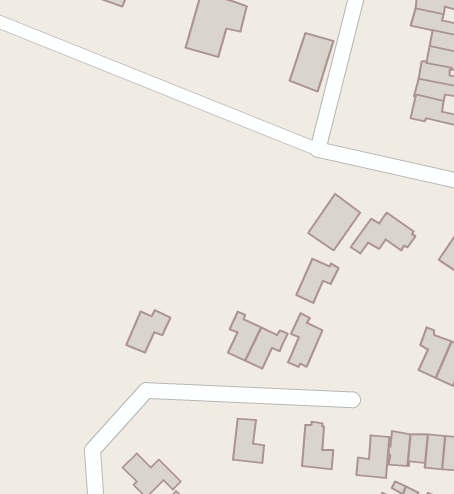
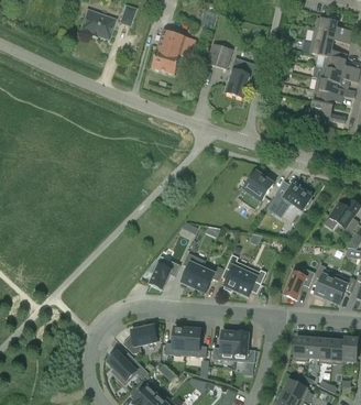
building: none -> [206,43,232,69]
building: [296,259,339,303] -> [236,266,265,297]
building: [126,310,170,353] -> [149,260,179,289]
building: none -> [283,269,314,300]
building: none -> [122,326,156,353]
building: none -> [164,326,187,357]
building: [356,435,389,478] -> [211,331,234,361]

